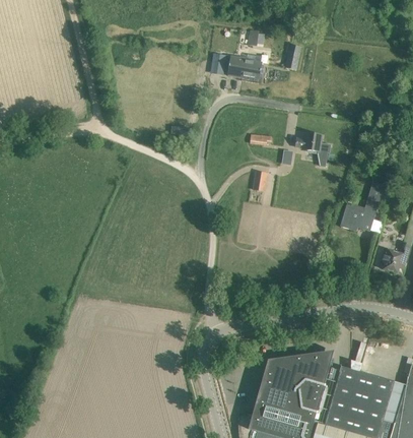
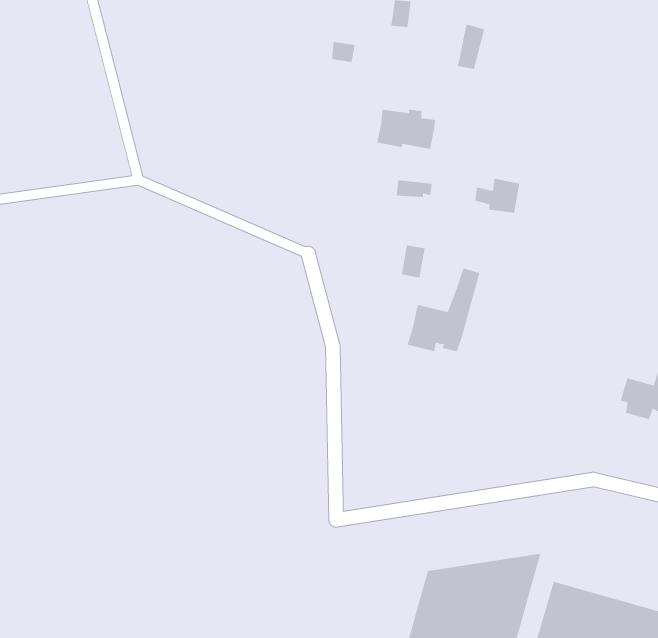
building: [228,55,263,78] -> [377,109,436,149]
building: [341,181,384,230] -> [407,268,480,352]

